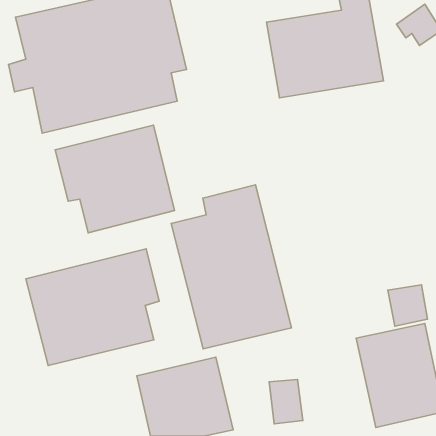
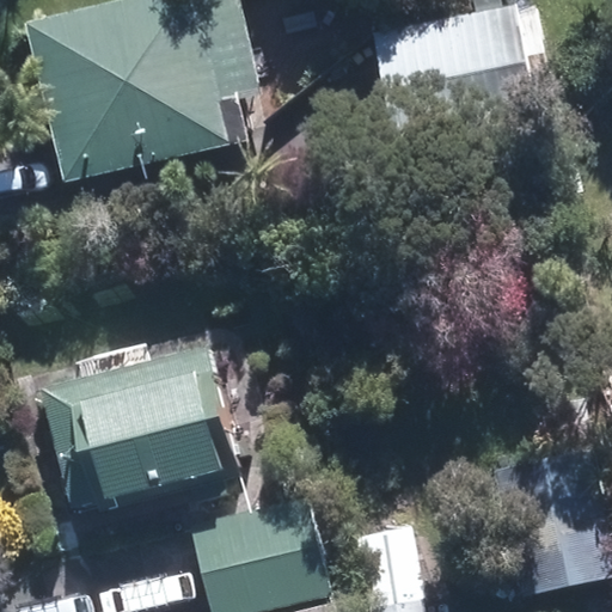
building: [55,125,174,233] -> none
building: [171,185,291,349] -> none

